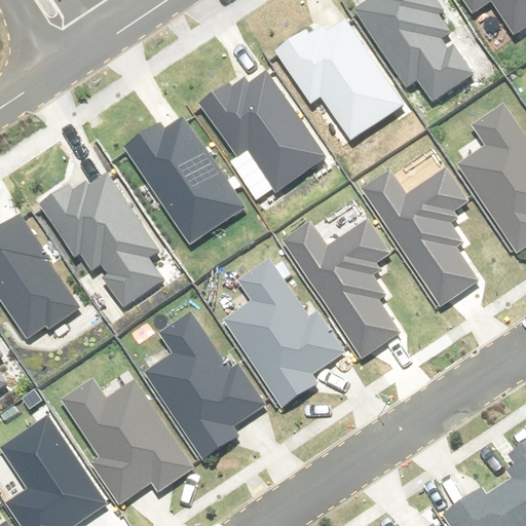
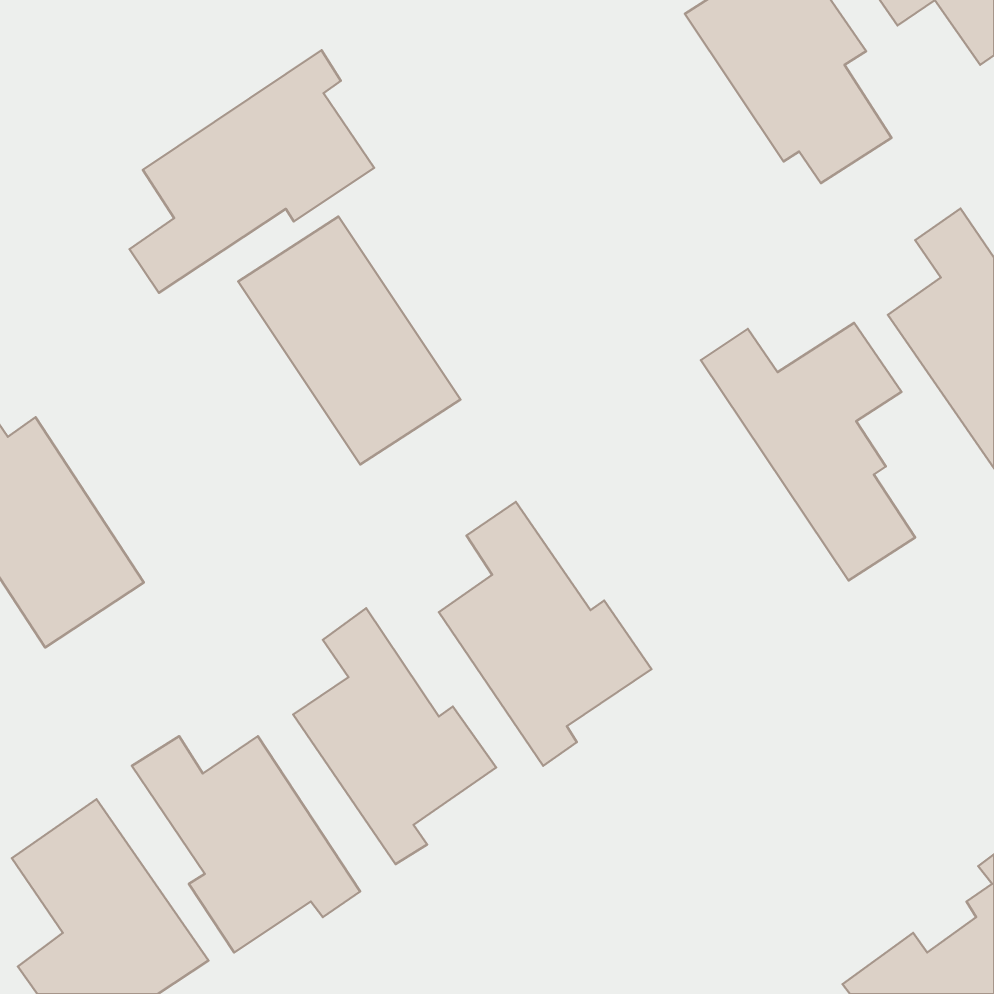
building: [275,17,402,139] -> none
building: none -> [129,50,374,293]
building: [194,74,322,188] -> none
building: [36,179,170,302] -> none
building: [287,222,400,359] -> none

